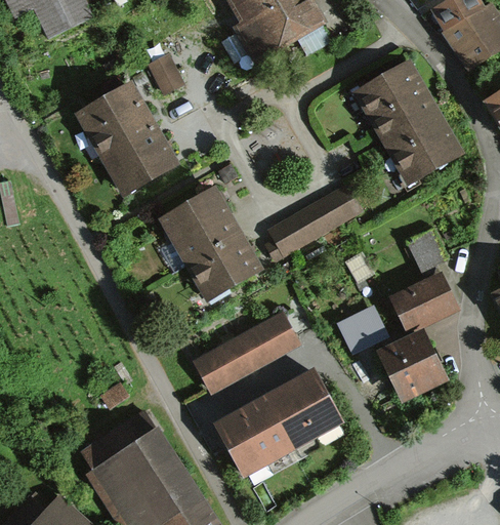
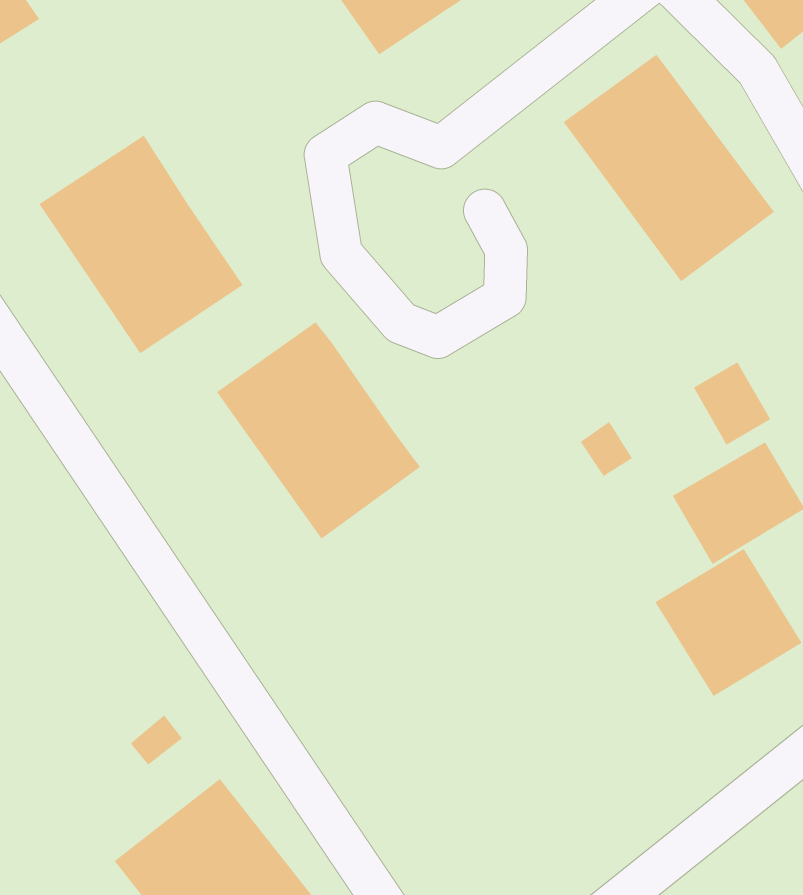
building: [148,52,185,94] -> none
building: [267,187,360,260] -> none
building: [337,305,389,353] -> none
building: [194,314,299,394] -> none
building: [216,373,343,477] -> none

